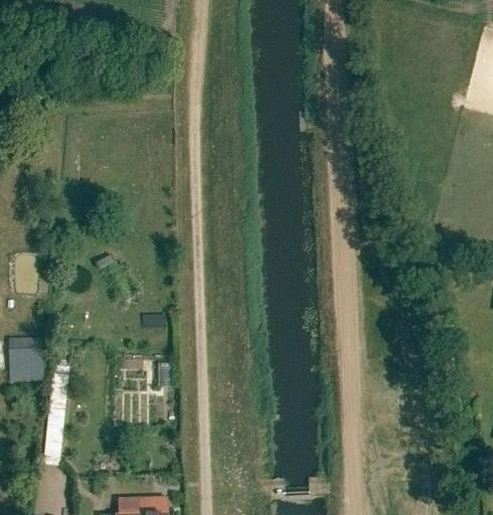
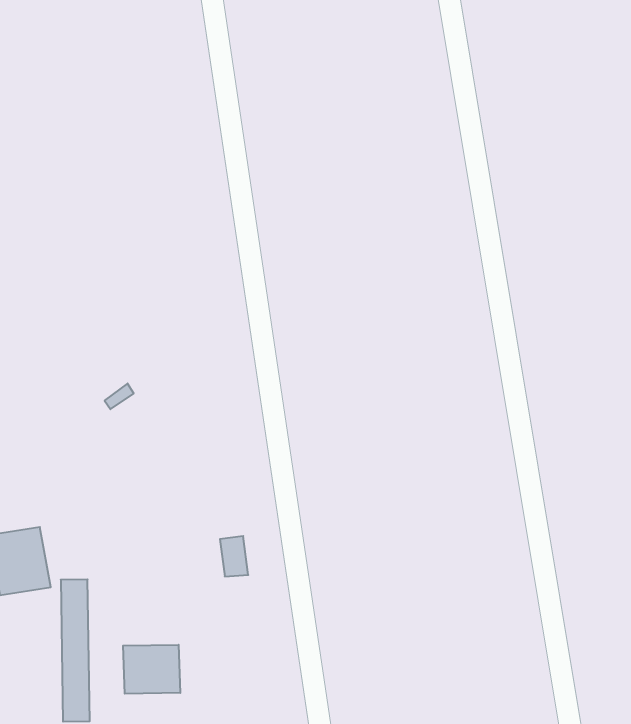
building: none -> [123,645,180,694]

